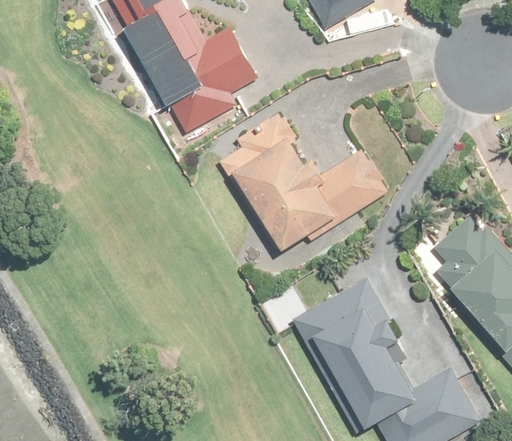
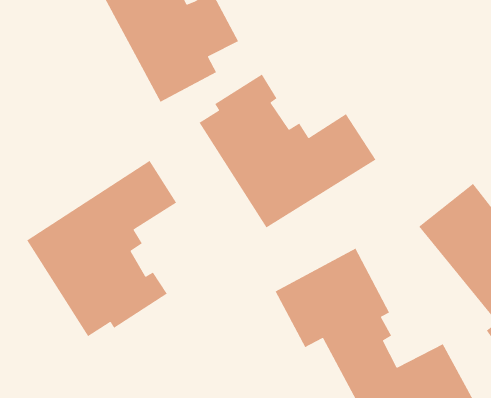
building: none -> [26,160,177,337]

